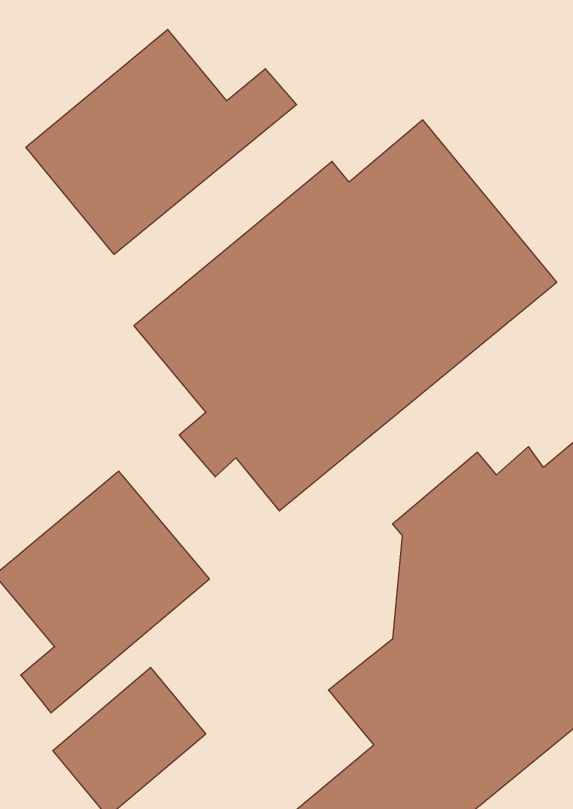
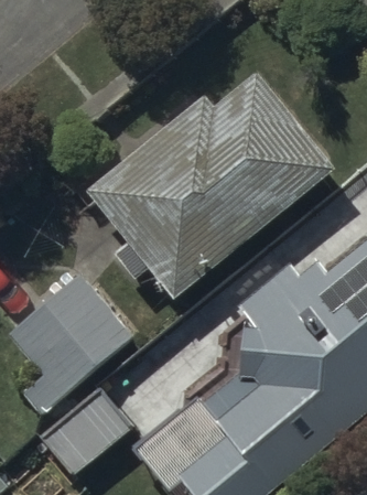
building: [26,29,297,254] -> none

